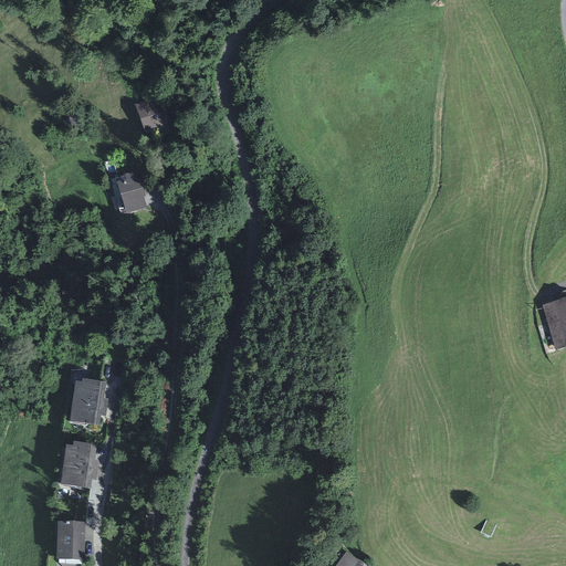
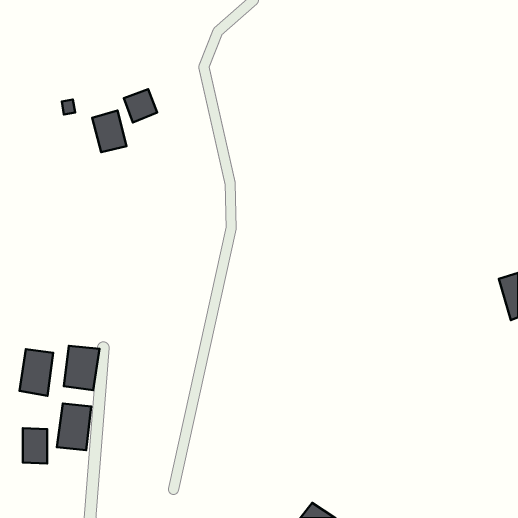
building: [112,168,149,213] -> [92,111,127,152]
building: none -> [19,349,53,396]
building: [57,520,84,558] -> [23,428,47,464]

